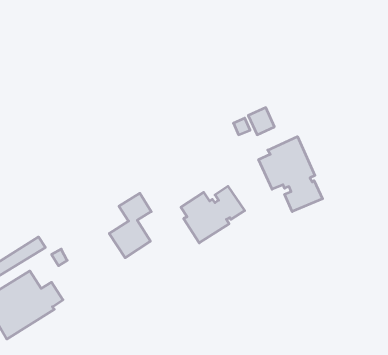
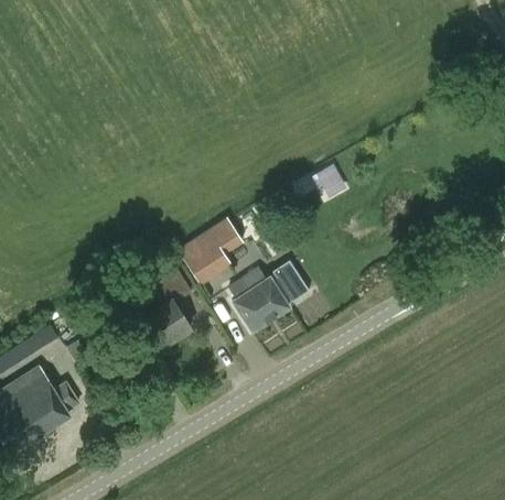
building: [259,137,323,212] -> none
building: none -> [179,216,245,284]

